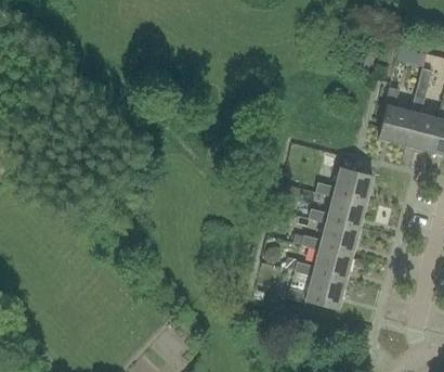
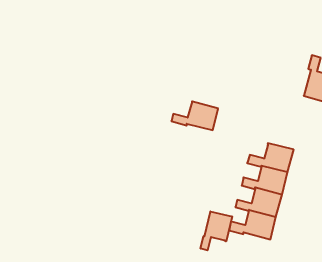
building: [317,167,374,202] -> [171,101,218,130]
building: none -> [201,211,232,250]

